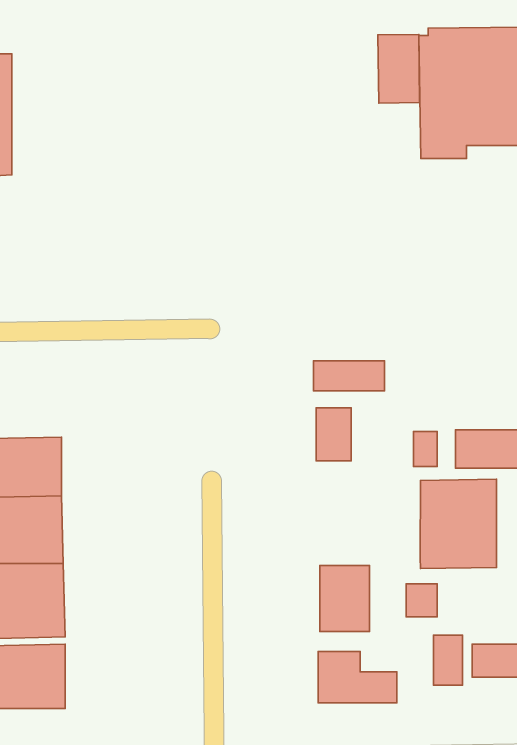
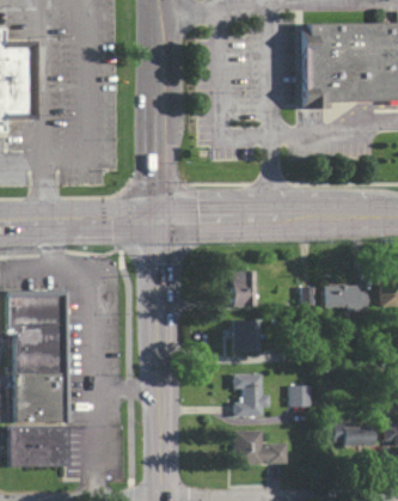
building: [378,34,420,103] -> none
building: [314,361,384,391] -> none
building: [420,479,497,569] -> none
building: none -> [233,318,257,350]
building: [433,635,463,685] -> none

